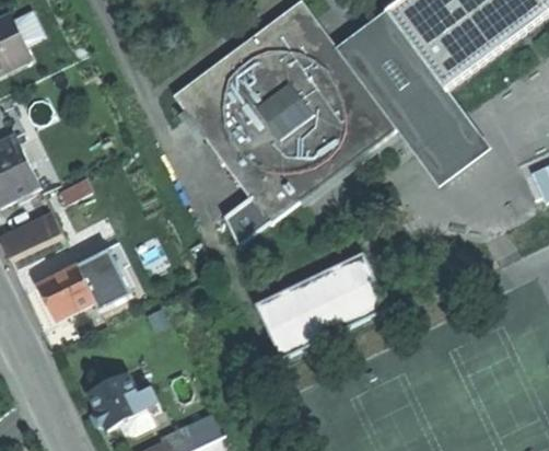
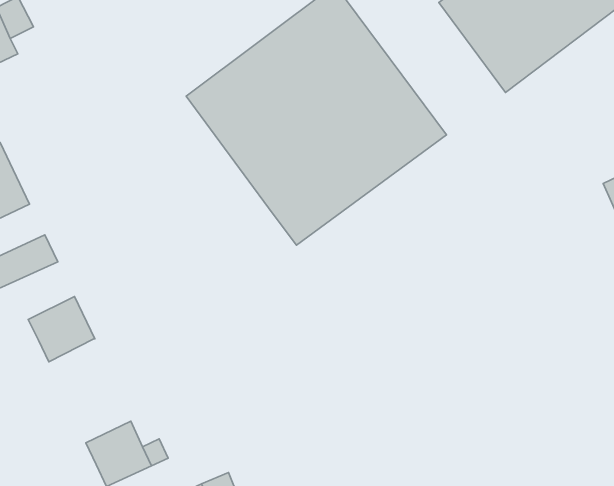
building: [344,21,487,181] -> none
building: [223,195,268,245] -> none
building: [79,248,132,311] -> none
building: [255,250,389,357] -> none

